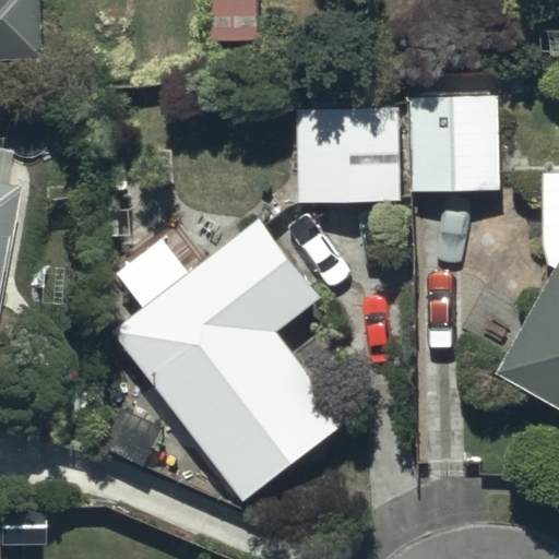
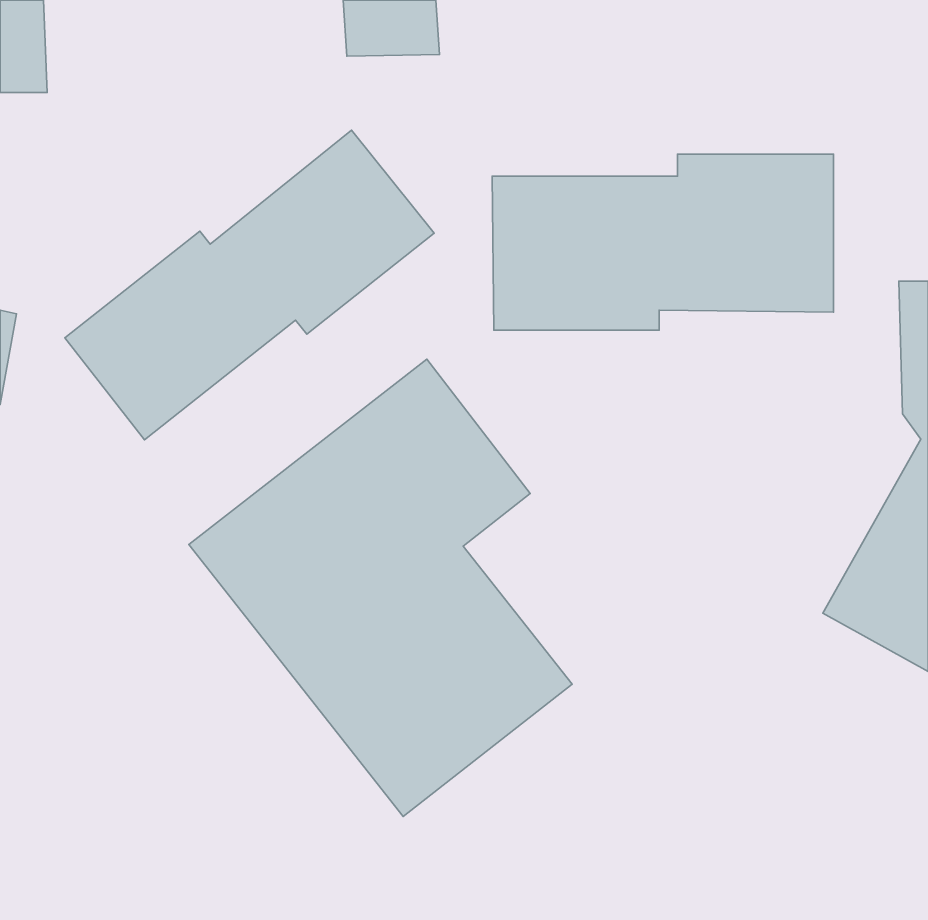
building: none -> [65,130,434,440]

